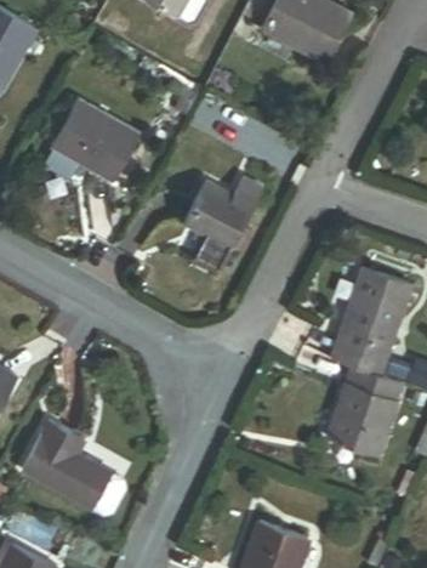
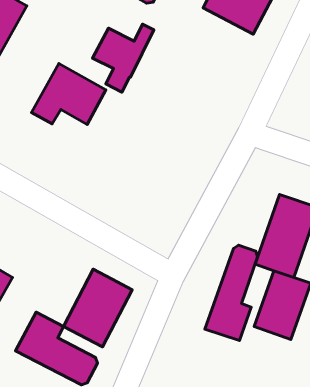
building: [183,178,262,266] -> [93,24,154,92]
building: none -> [205,245,258,341]
building: none -> [63,269,132,347]

